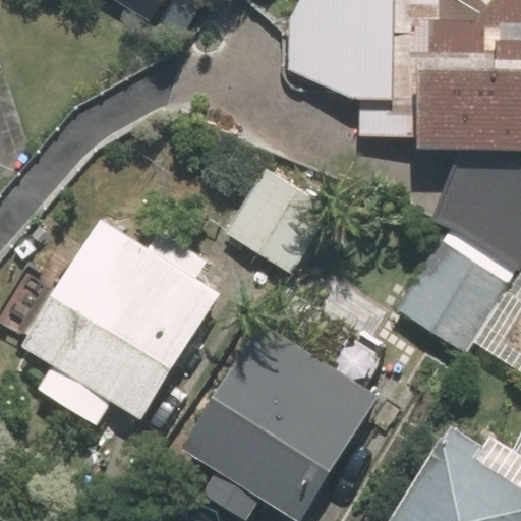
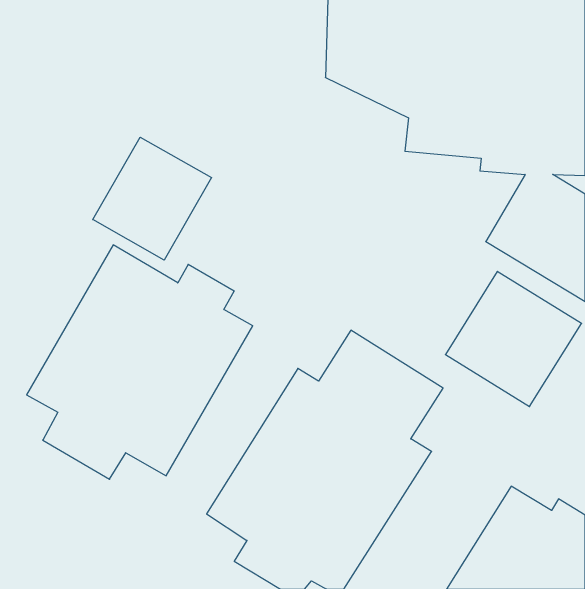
building: none -> [93,137,212,260]
building: [224,168,332,275] -> none

